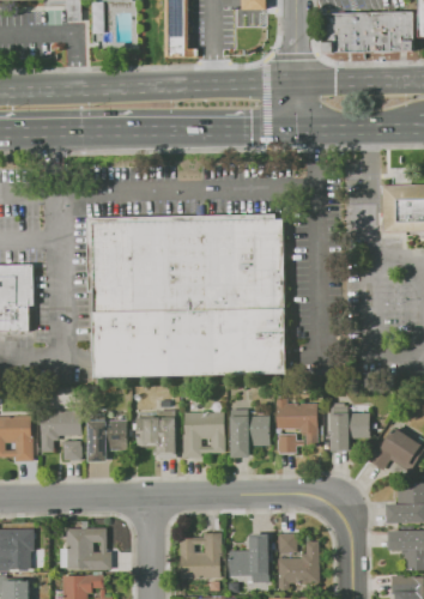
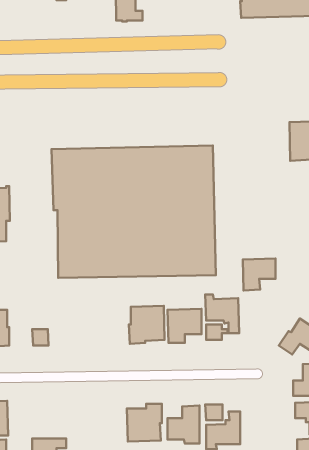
building: [40,410,81,452] -> none
building: [329,412,370,452] -> [243,259,276,290]
building: [137,416,177,459] -> none
building: [86,419,127,462] -> none
building: [65,521,111,570] -> none

